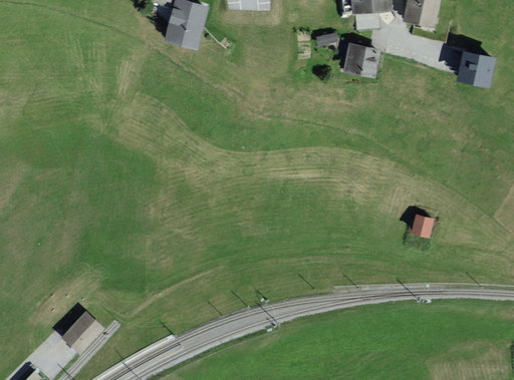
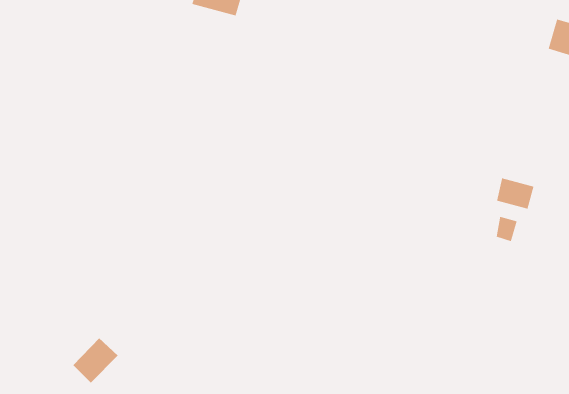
building: [344,47,378,77] -> none
building: none -> [496,178,534,209]

